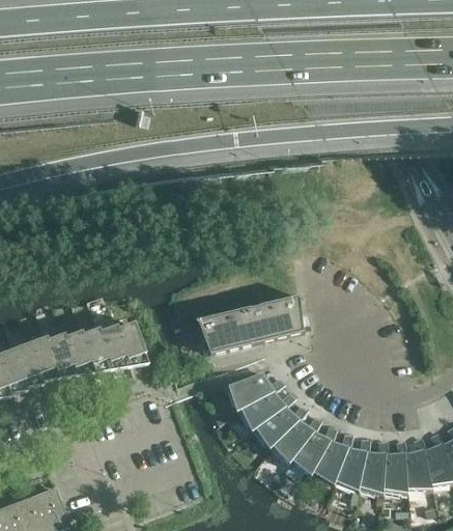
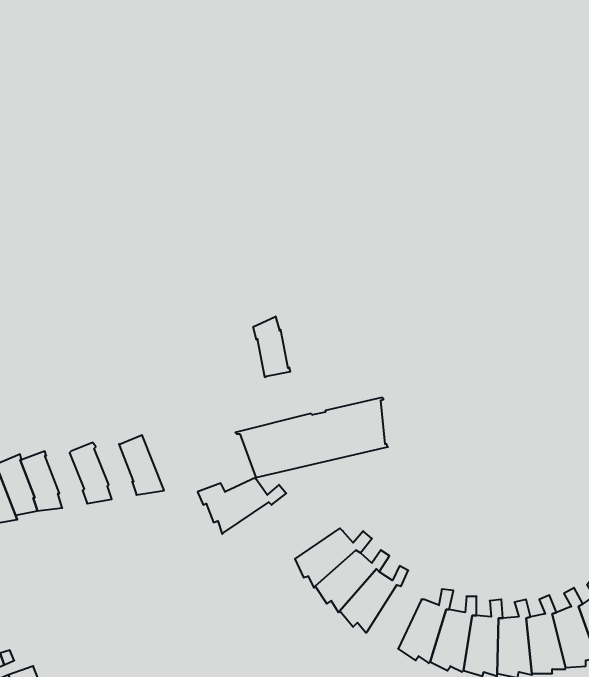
building: none -> [253,316,290,377]
building: [95,324,125,367] -> none
building: [60,330,90,373] -> none
building: [220,370,283,411] -> [198,477,286,534]
building: [290,424,335,475] -> none

